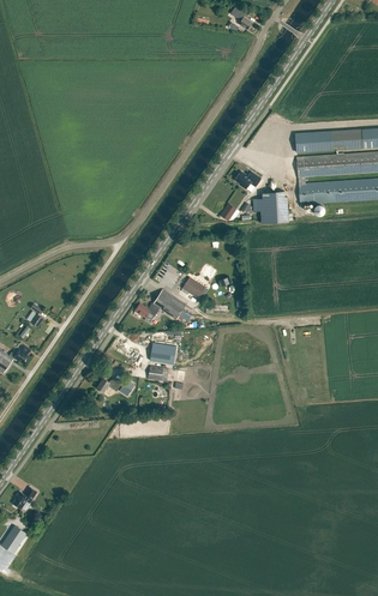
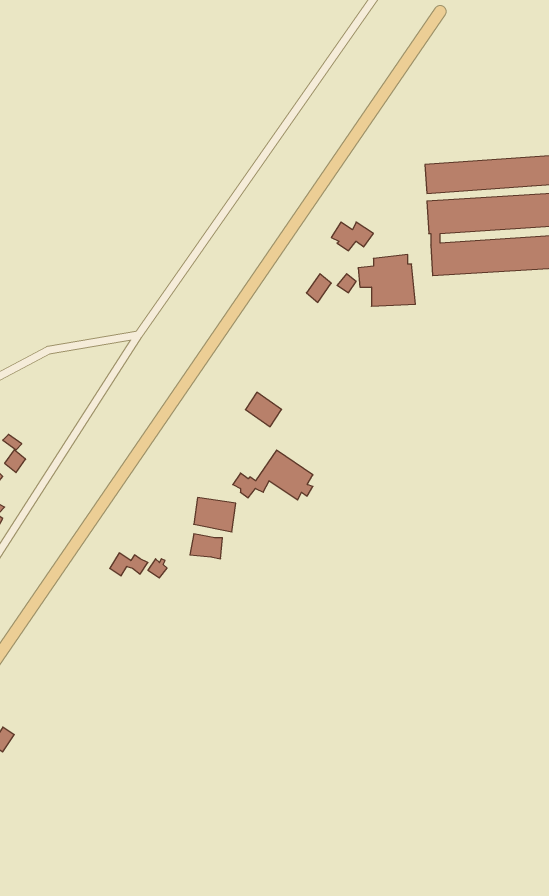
building: [136,289,186,320] -> [233,450,313,500]

